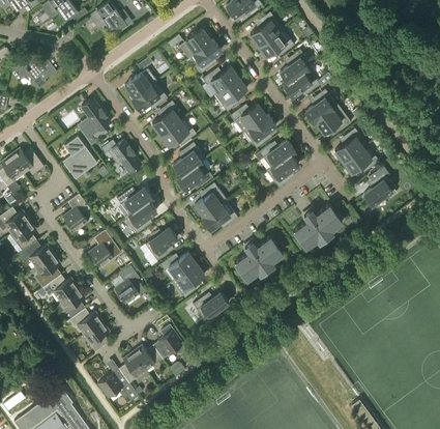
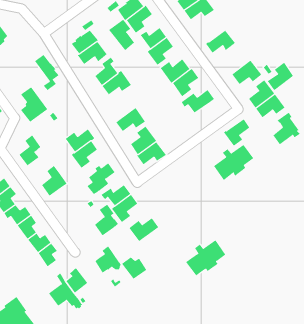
building: [280,50,307,84] -> none
building: none -> [108,19,135,51]
building: [304,89,336,123] -> [267,62,294,91]
building: [100,140,141,173] -> none
building: [173,143,205,176] -> none
building: [266,154,298,188] -> [223,119,250,147]
building: [234,236,283,280] -> [185,240,226,276]
building: [115,265,144,304] -> [94,204,119,236]
building: [130,343,162,370] -> [121,257,147,280]

